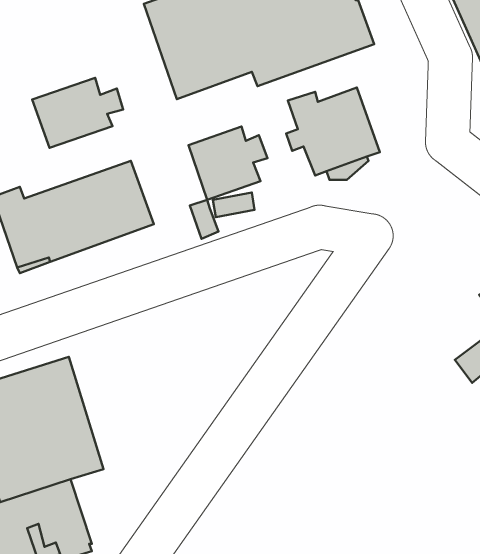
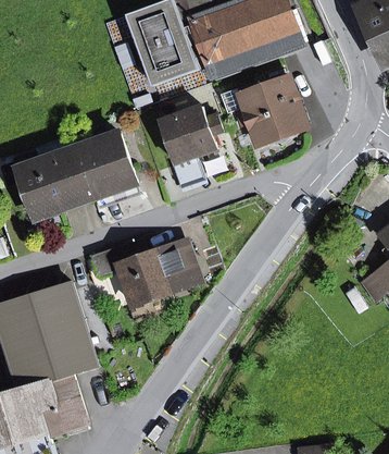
building: [32,78,123,148] -> none
building: none -> [91,238,198,305]

